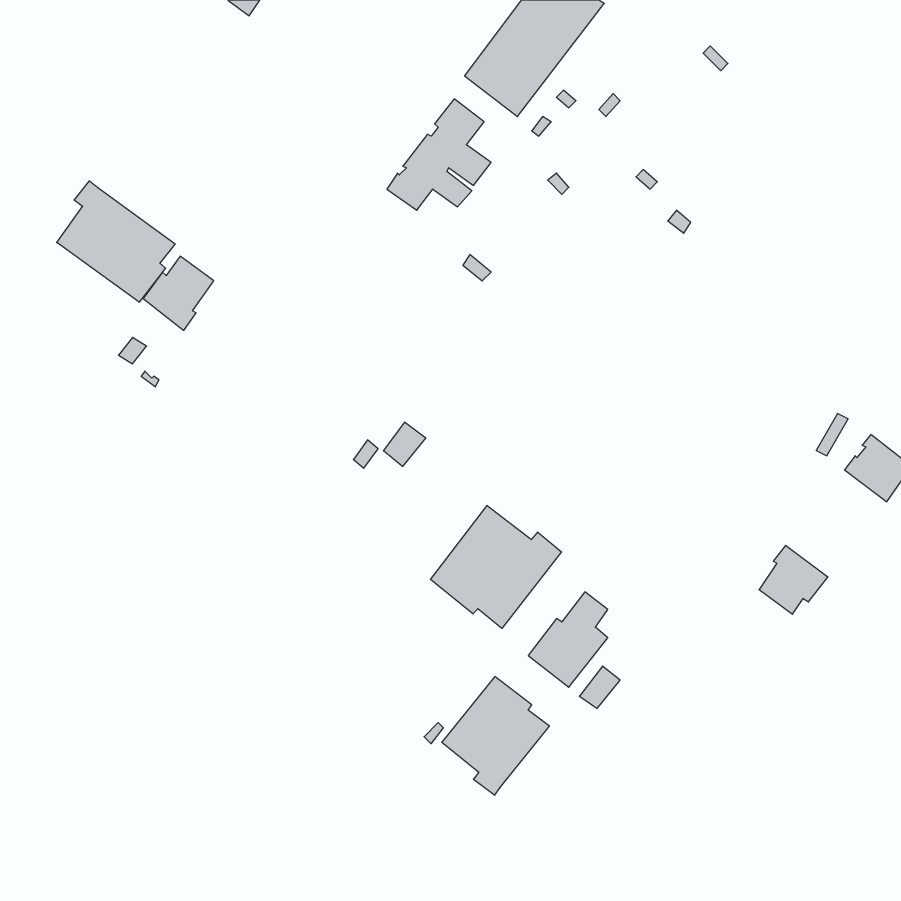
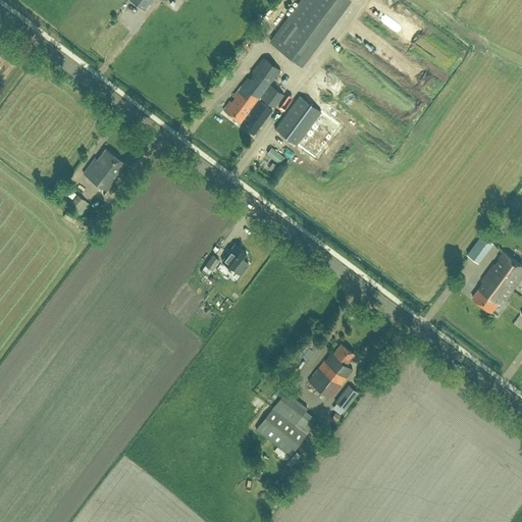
building: none -> [275,96,321,145]
building: [57,181,175,302] -> none
building: [431,505,562,628] -> none
building: [759,545,828,614] -> [473,272,513,312]

